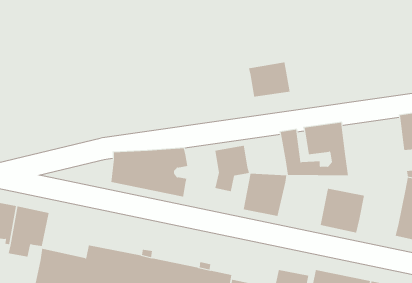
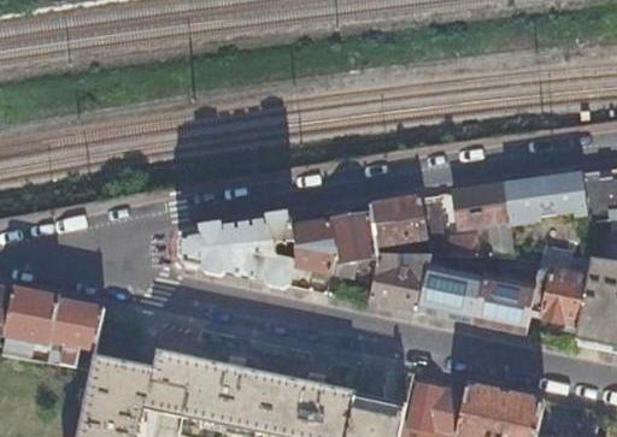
building: [248,62,291,97] -> [369,194,427,242]
building: none -> [504,171,588,228]
building: none -> [292,219,335,278]
building: none -> [417,262,483,321]
building: none -> [529,267,589,321]

